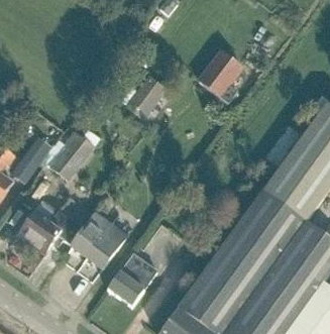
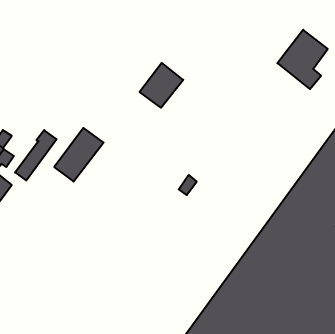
building: [197,48,242,102] -> [277,30,328,89]
building: [17,198,125,267] -> none
building: [106,251,157,307] -> none

